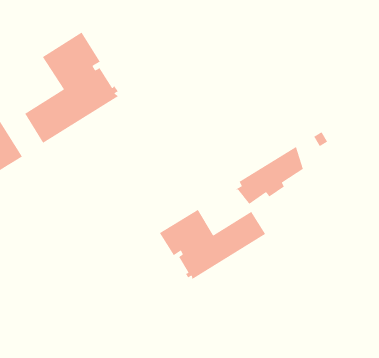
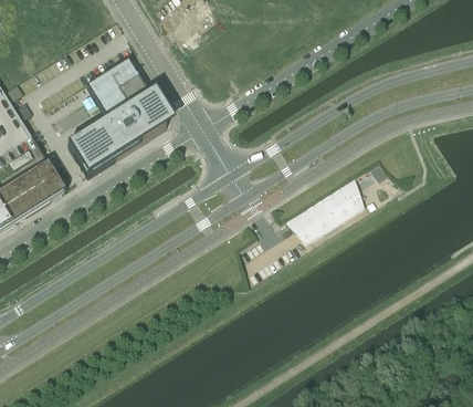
building: [159,209,266,280] -> none

